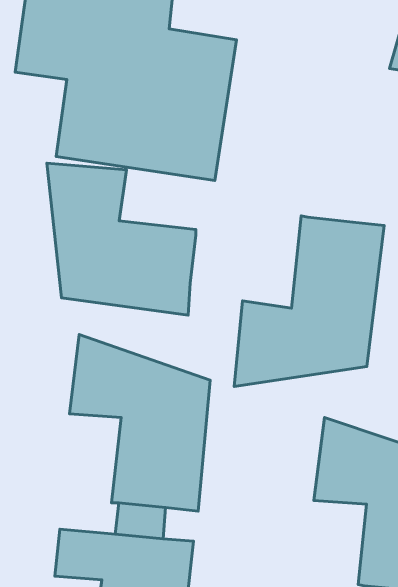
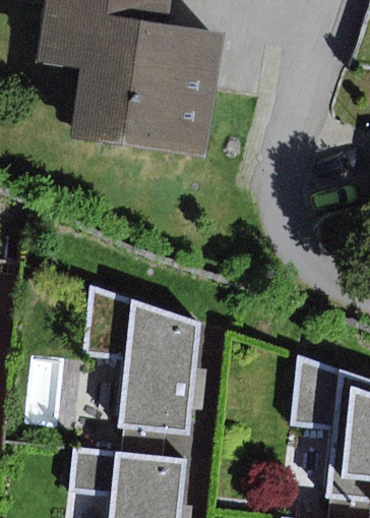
building: [47,163,196,315] -> none
building: [234,216,384,387] -> none

